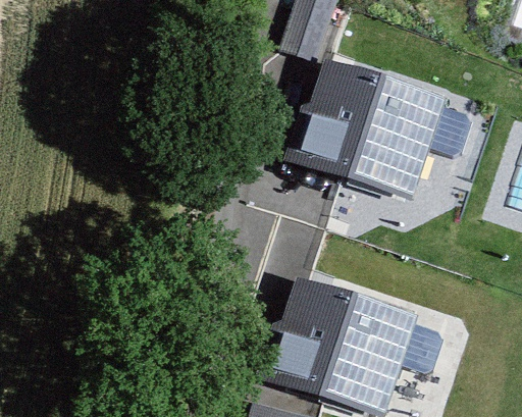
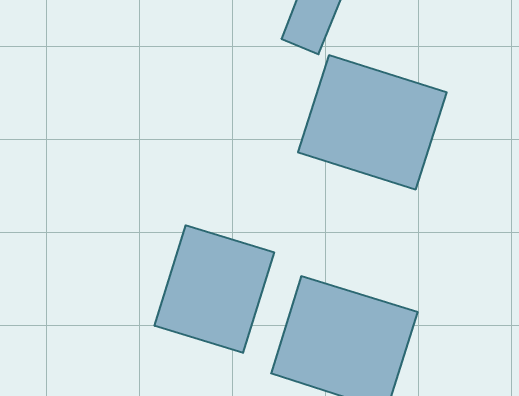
building: none -> [155,225,274,353]

